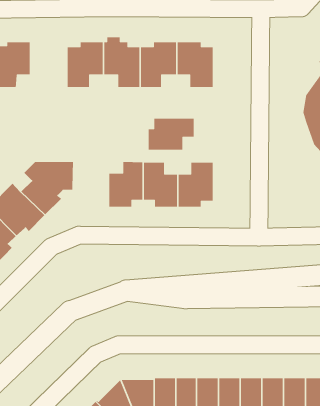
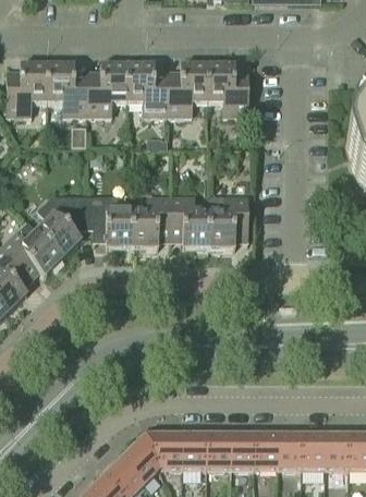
building: none -> [46,64,86,116]
building: [148,118,195,151] -> none
building: none -> [93,196,132,247]

